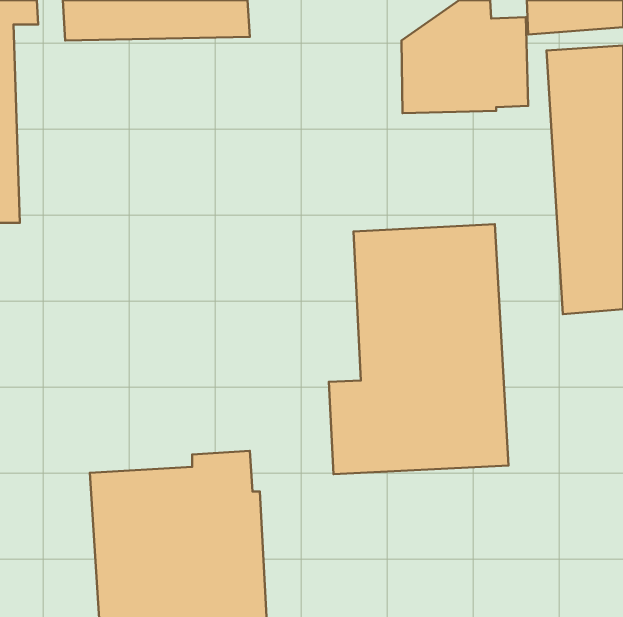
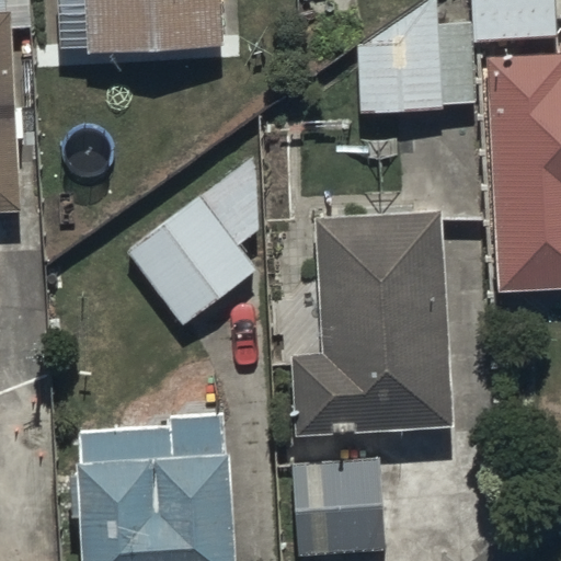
building: none -> [123,160,256,329]
building: none -> [290,462,383,552]

